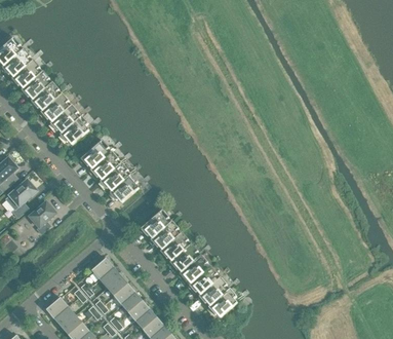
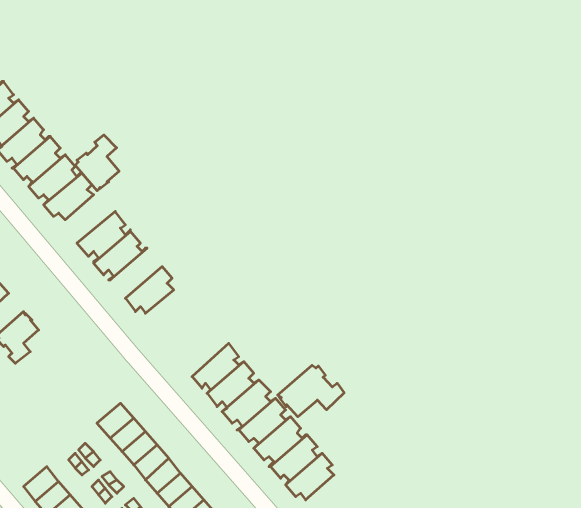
building: none -> [75,135,119,191]
building: [100,162,131,193] -> none
building: [140,210,172,241] -> none
building: none -> [278,365,344,417]

